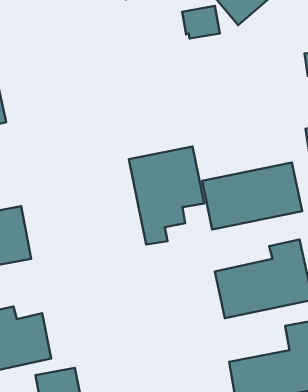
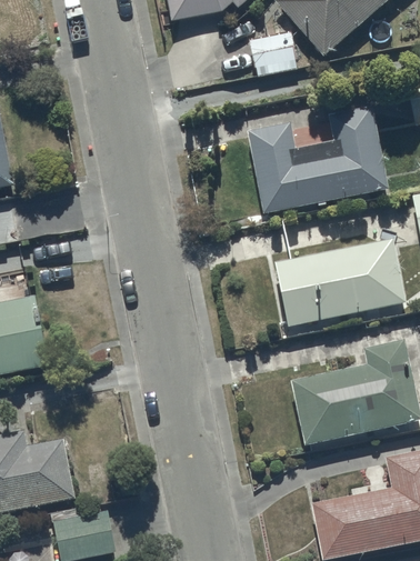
building: none -> [248,107,388,211]
building: [129,147,204,244] -> none

